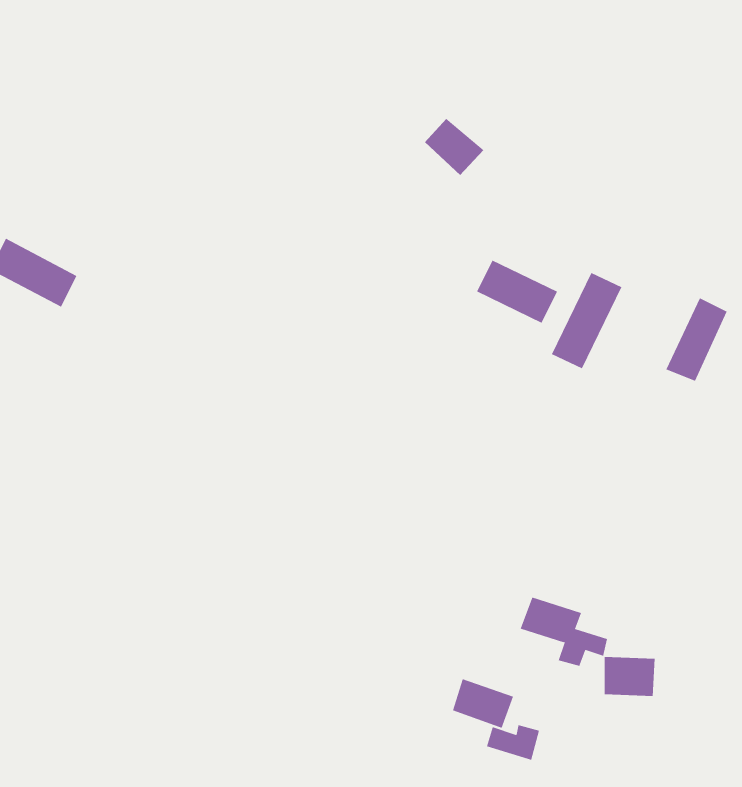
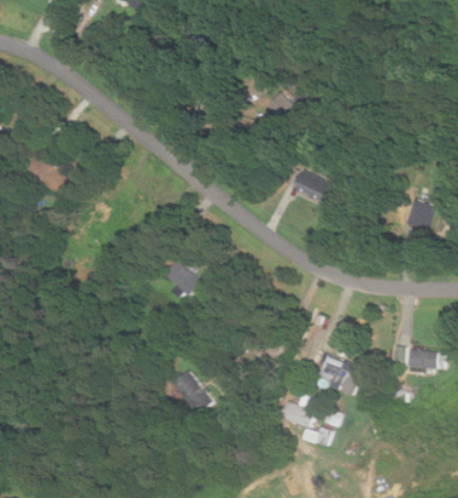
building: [551,272,622,369] -> none
building: none -> [159,259,198,296]
building: none -> [171,369,209,414]
building: [604,657,656,697] -> [407,349,436,371]

